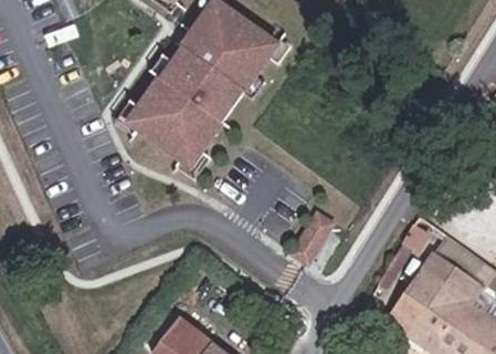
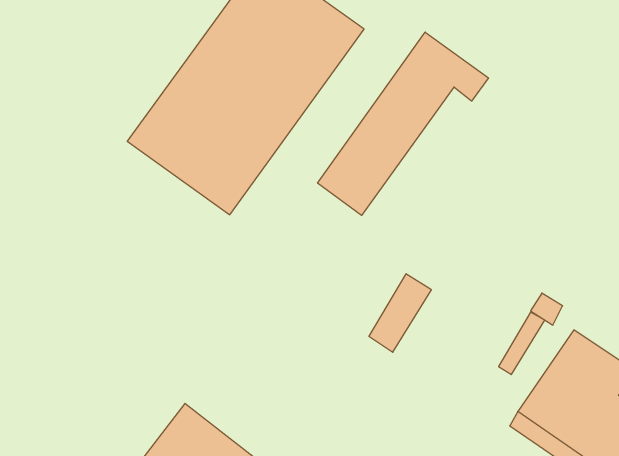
building: none -> [318,32,488,215]

